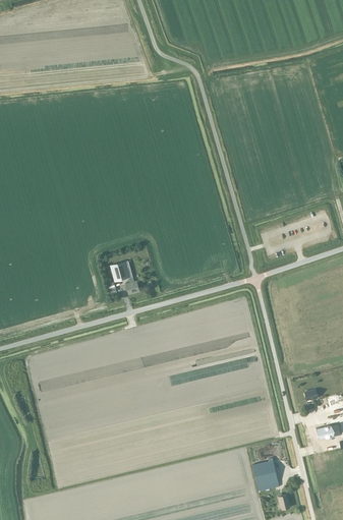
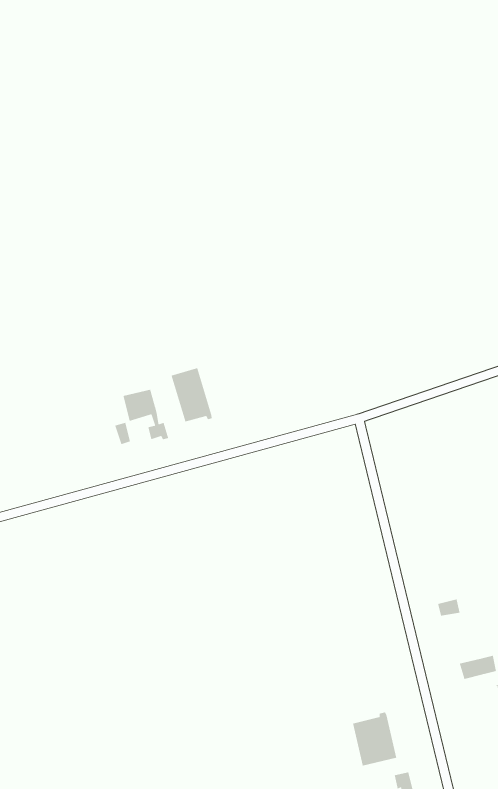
building: none -> [170,367,213,423]

